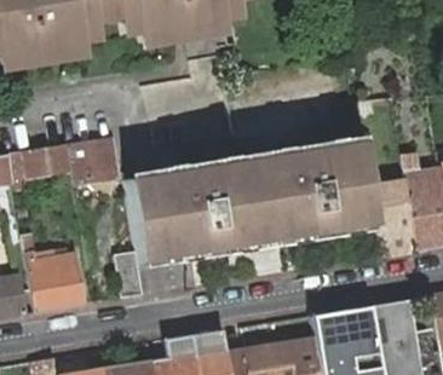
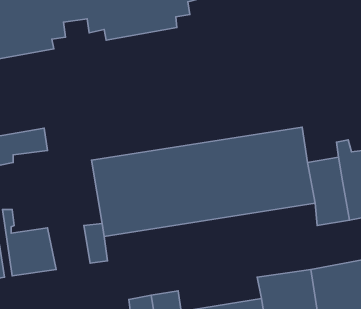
building: [69,138,122,184] -> none

